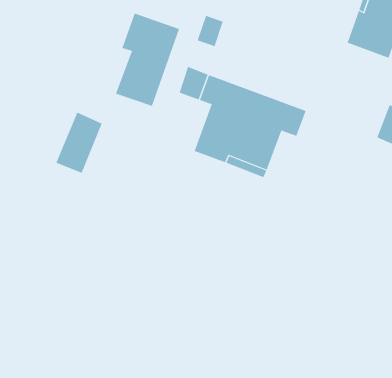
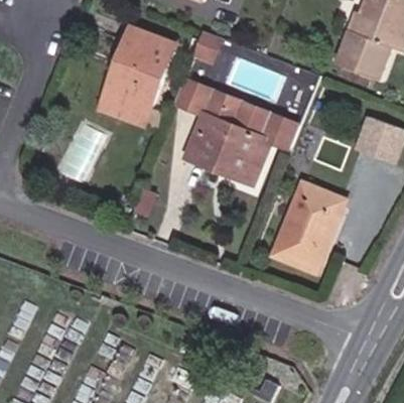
building: none -> [100,61,146,125]
building: none -> [272,177,352,277]

